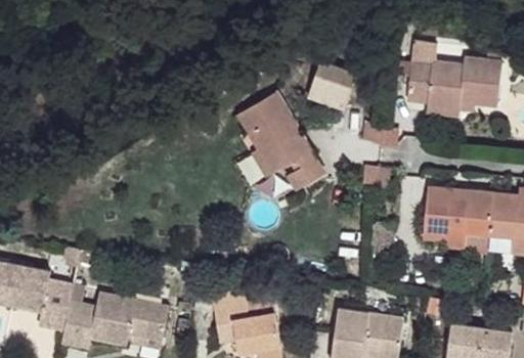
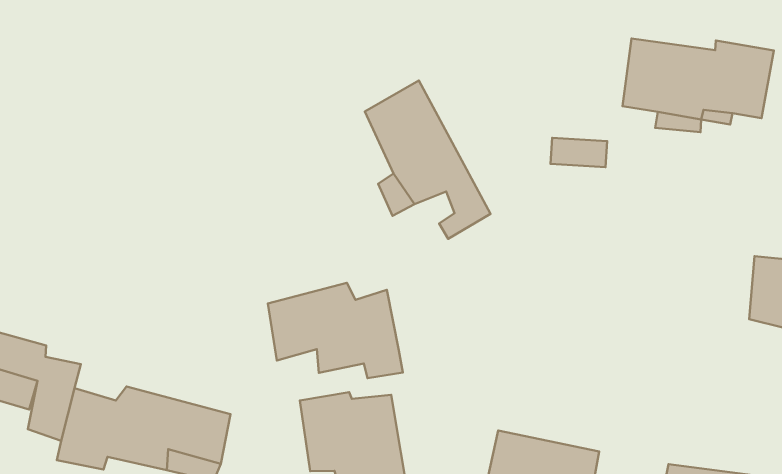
building: [307,63,355,113] -> none
building: [429,185,493,247] -> none
building: none -> [268,283,403,378]

